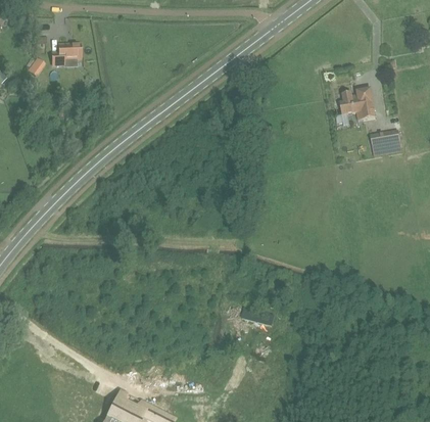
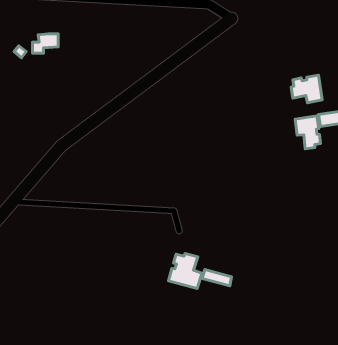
building: none -> [295,116,320,149]
building: none -> [168,253,202,288]

